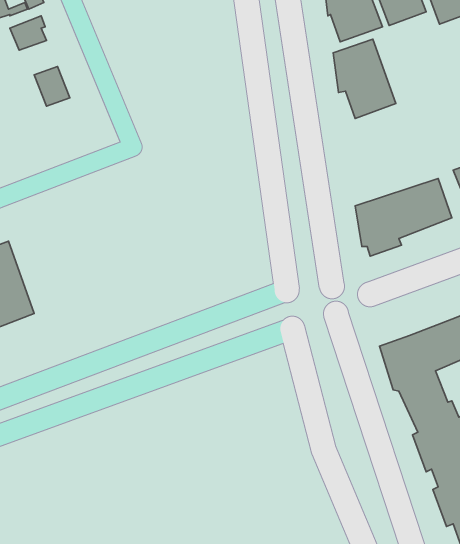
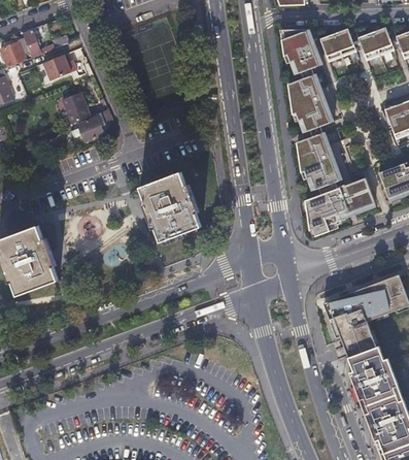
building: none -> [74,108,112,143]
building: none -> [296,130,343,190]
building: none -> [142,172,207,243]

